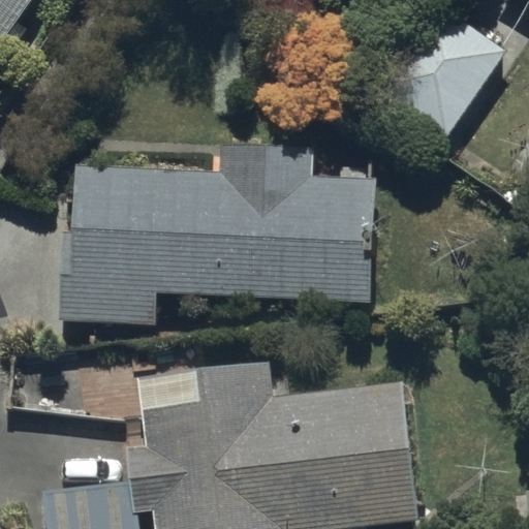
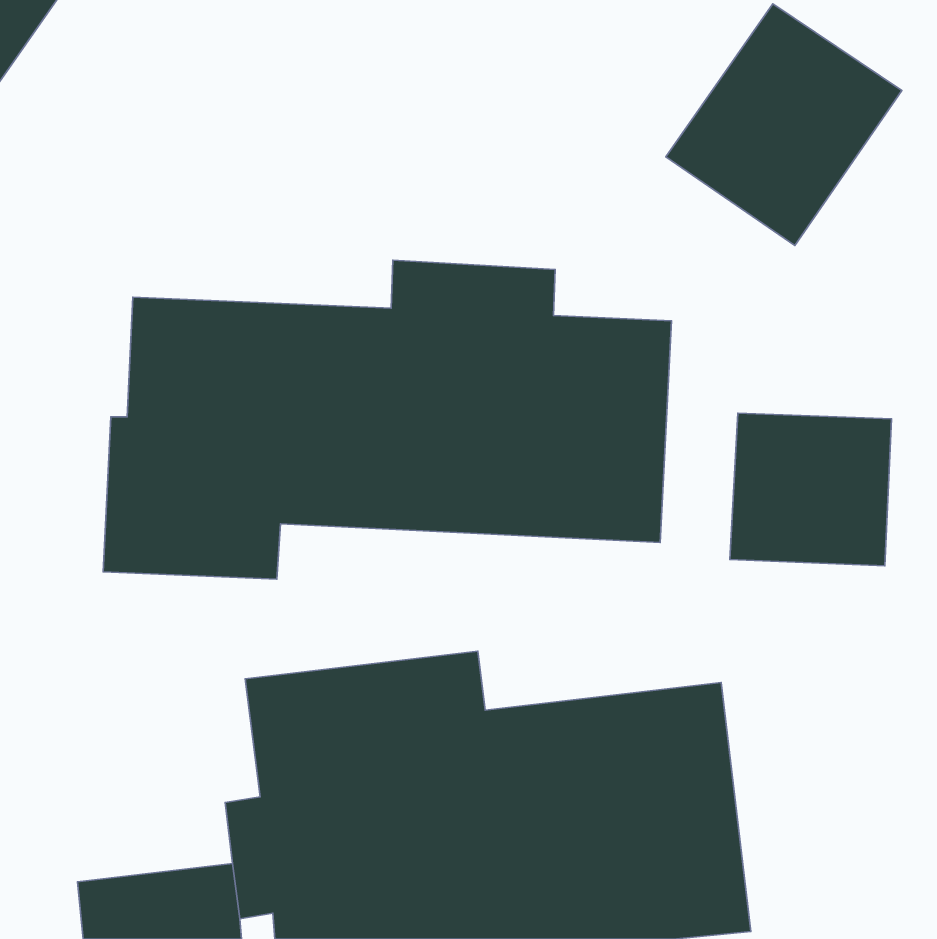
building: none -> [730,413,892,566]

